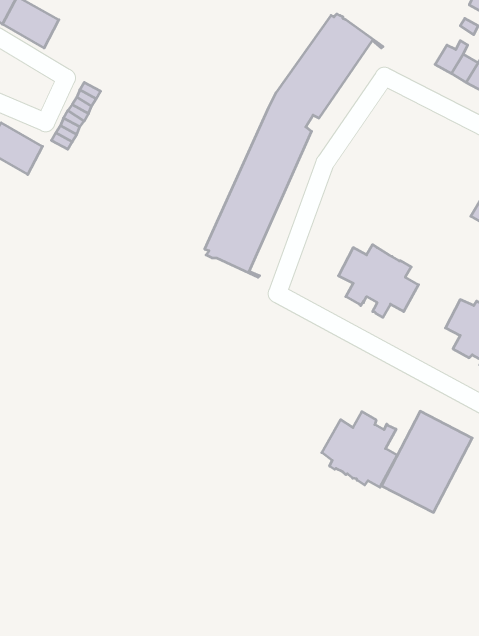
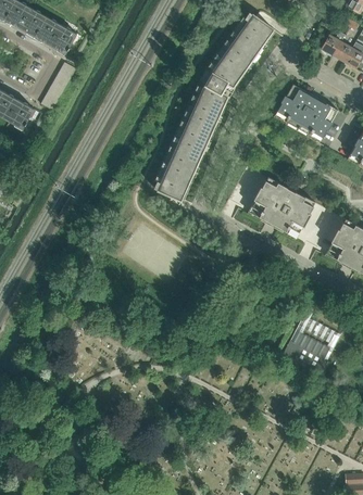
building: none -> [35,16,77,54]
building: none -> [274,84,338,143]
building: [322,412,397,487] -> none

